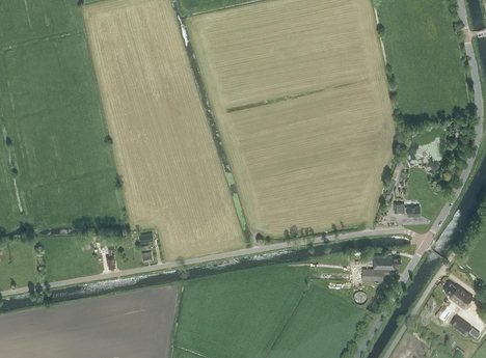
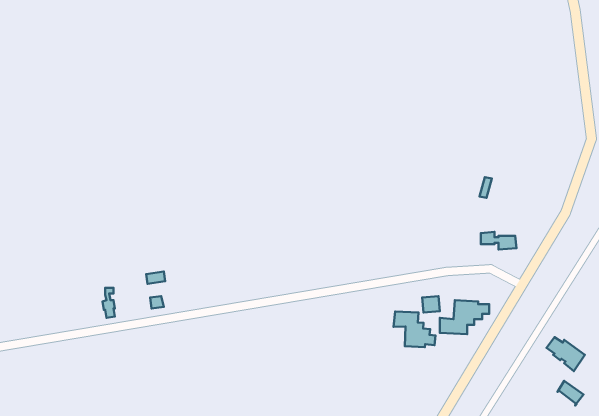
building: none -> [394,311,435,347]

